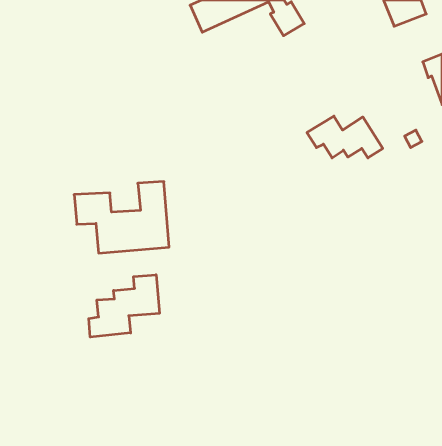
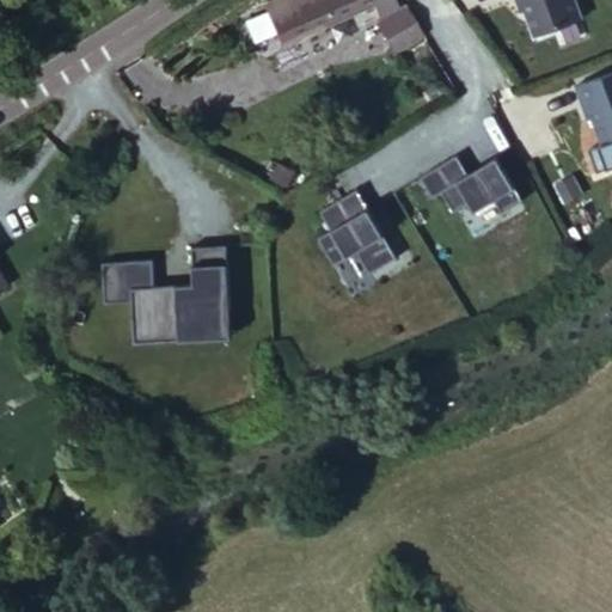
building: none -> [320,194,399,279]
building: [89,275,159,337] -> none

